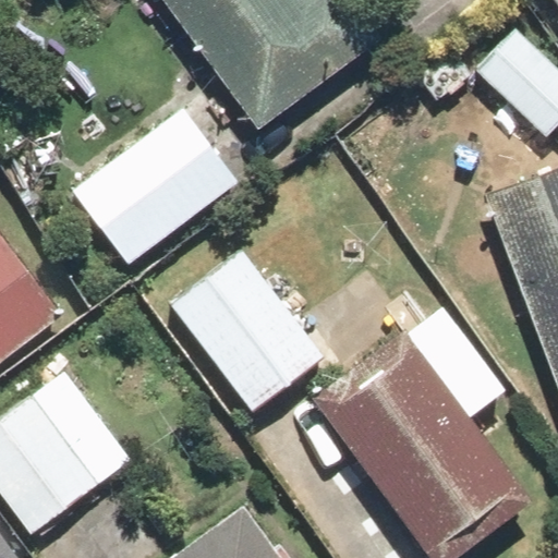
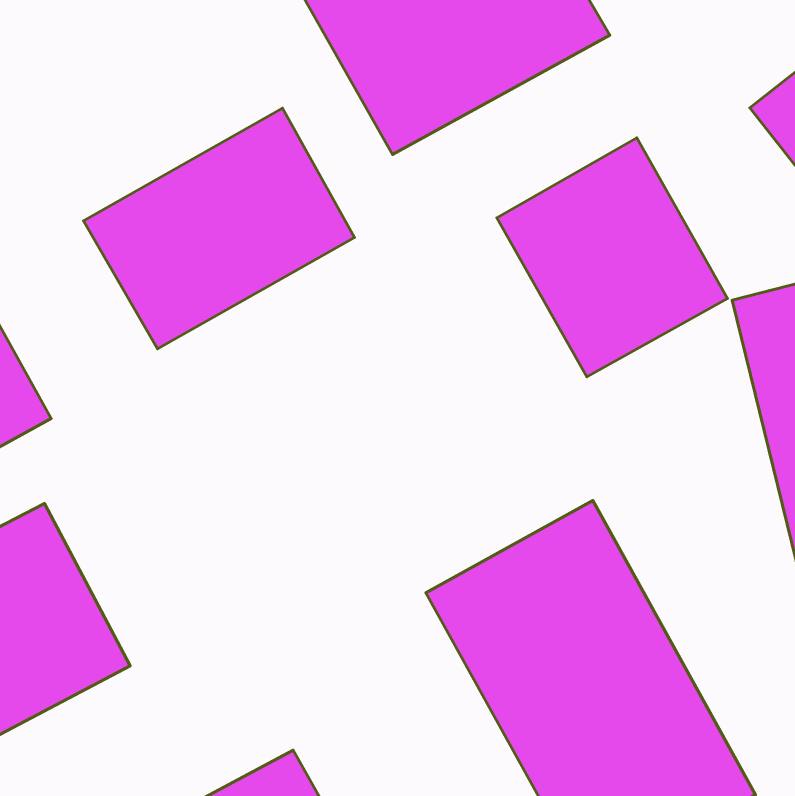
building: none -> [497,138,728,377]
building: [167,226,330,415] -> none

